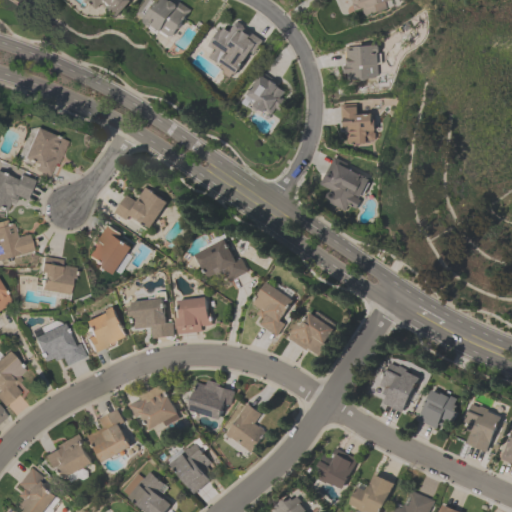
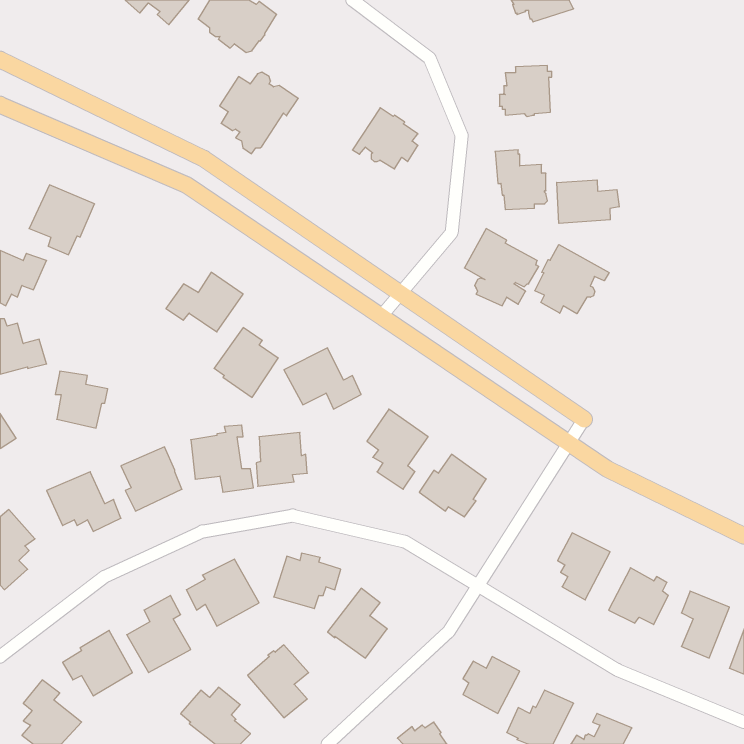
building: [208,22,262,78] -> [220,72,298,154]
building: none -> [557,180,619,223]
building: none -> [535,245,609,314]
building: [87,226,131,274] -> [214,328,278,397]

